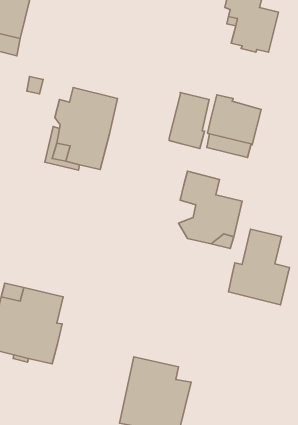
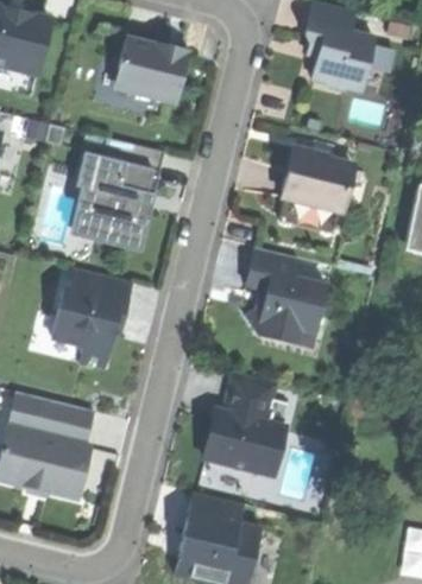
building: none -> [112,37,189,104]
building: [169,93,209,148] -> none
building: none -> [51,269,131,366]
building: [229,229,290,305] -> [204,377,284,476]

